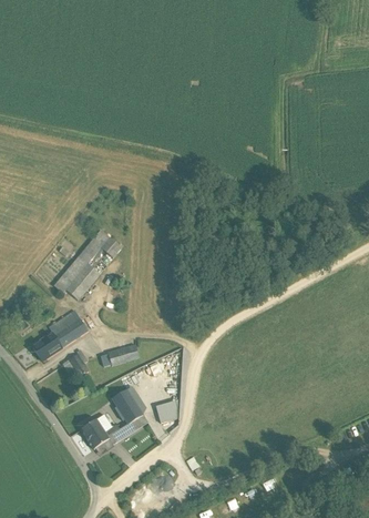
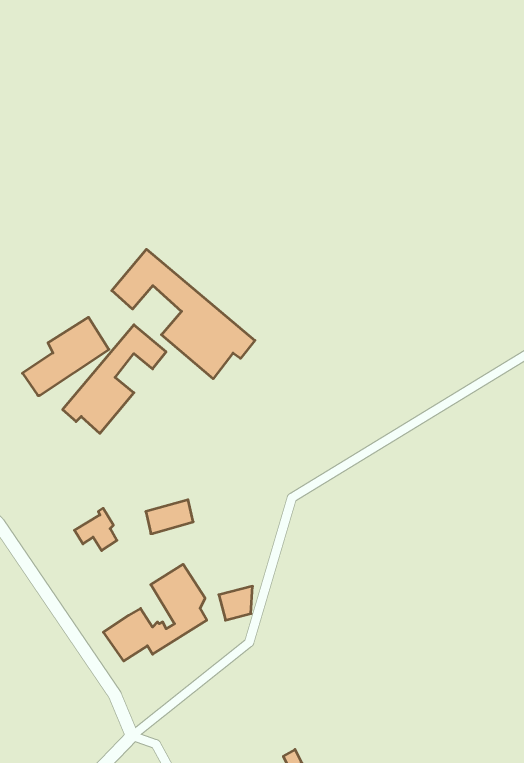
building: none -> [112,249,255,379]
building: [31,309,88,360] -> [22,317,109,395]

